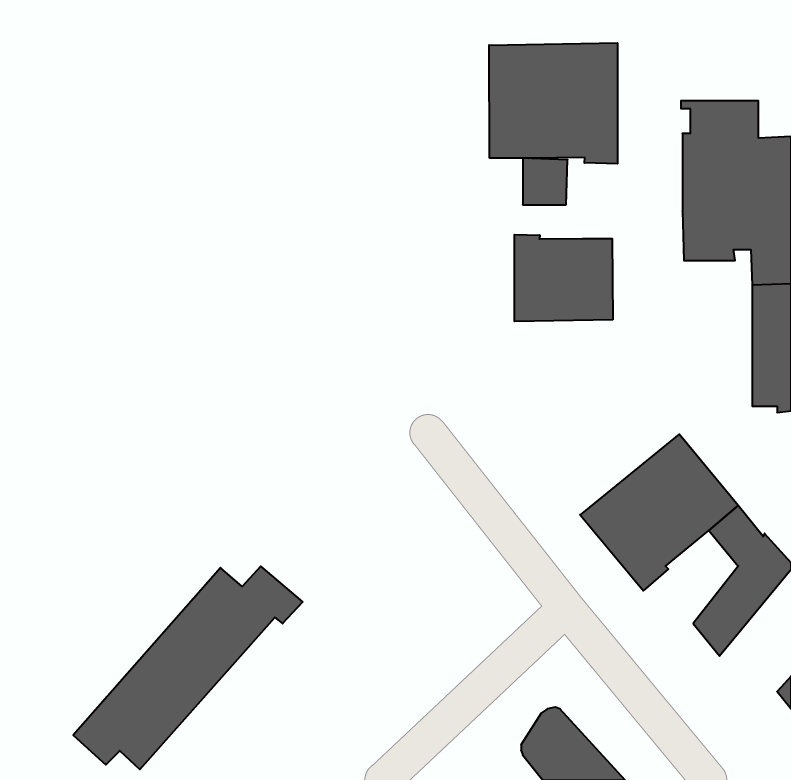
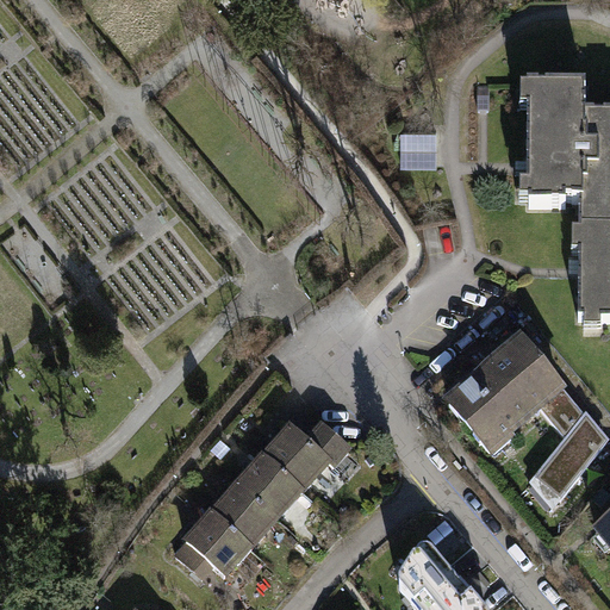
building: [489,43,617,164] -> none
building: [514,235,613,321] -> none
building: [73,566,303,769] -> [176,421,353,577]

